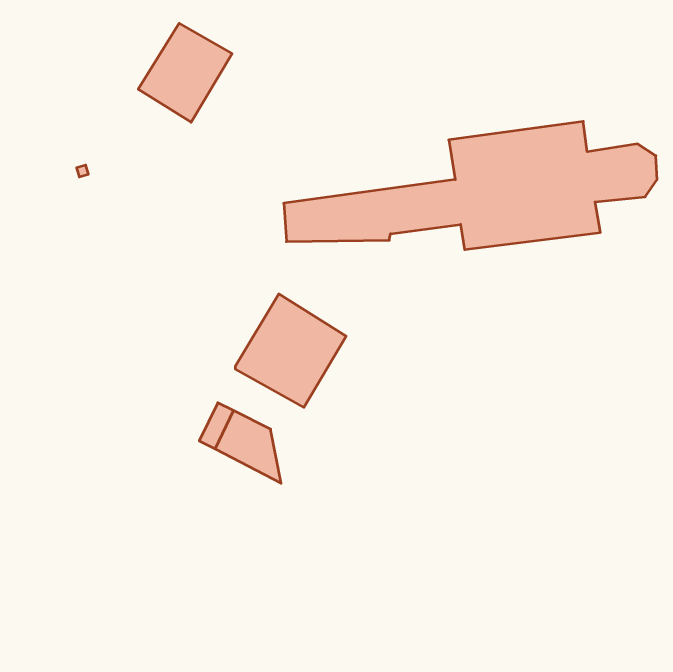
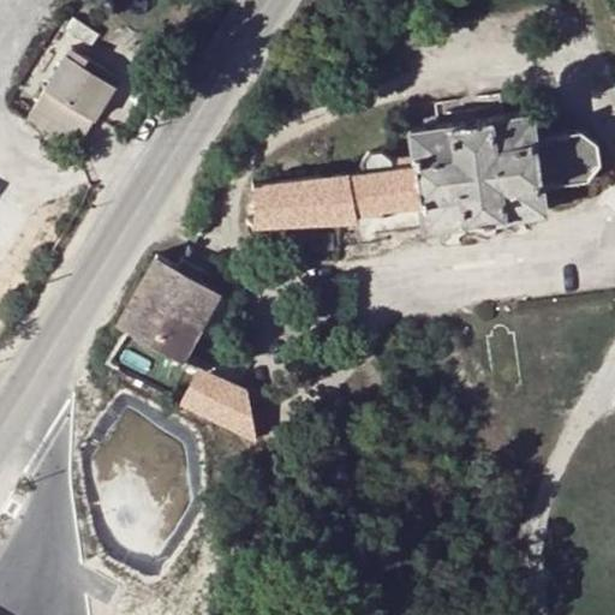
building: [138,23,232,122] -> [29,59,114,149]
building: [235,294,346,407] -> [118,258,219,362]

